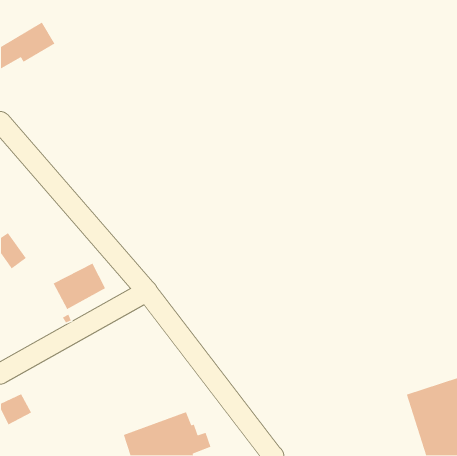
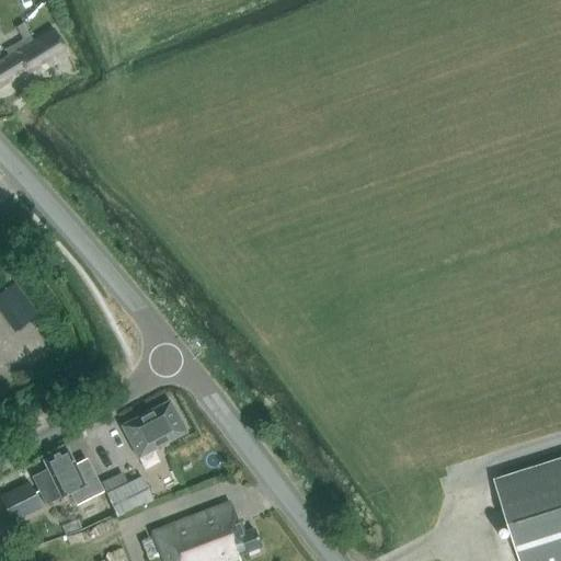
building: [52,263,106,310] -> [121,400,186,458]
building: none -> [31,448,83,503]
building: none -> [102,472,153,516]

